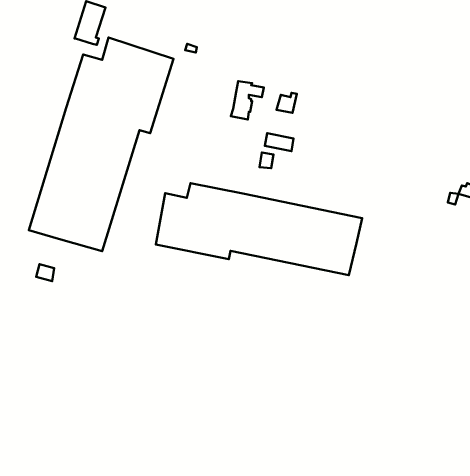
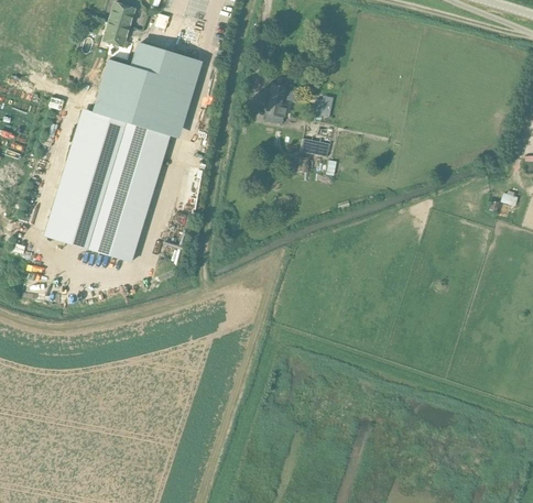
building: [156,183,362,275] -> none

